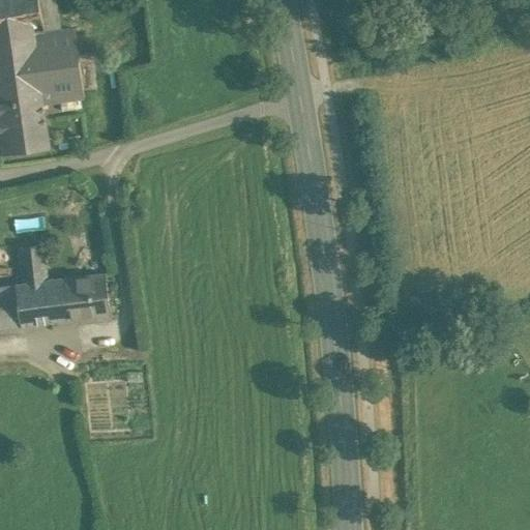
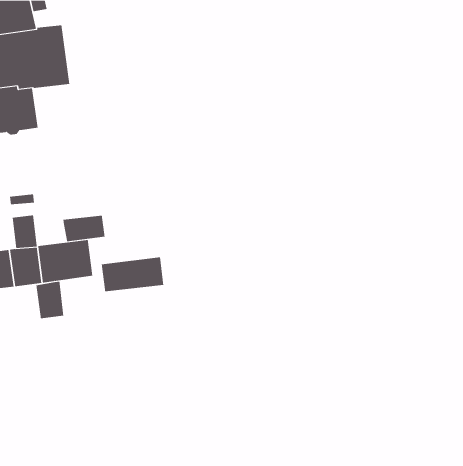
building: none -> [63,215,105,242]
building: none -> [101,256,164,292]
building: none -> [36,281,64,319]

